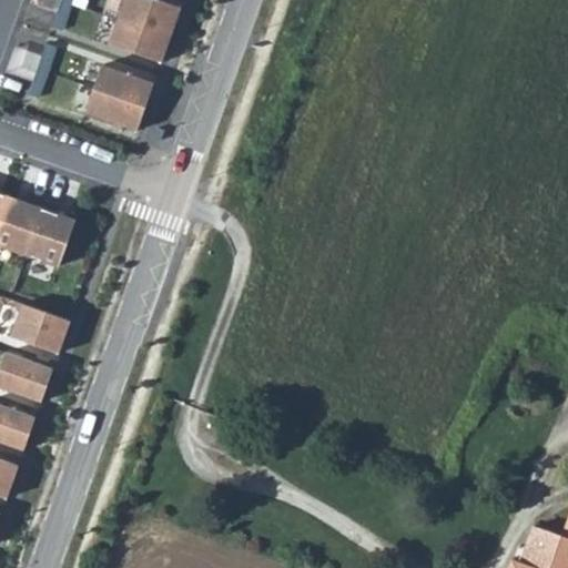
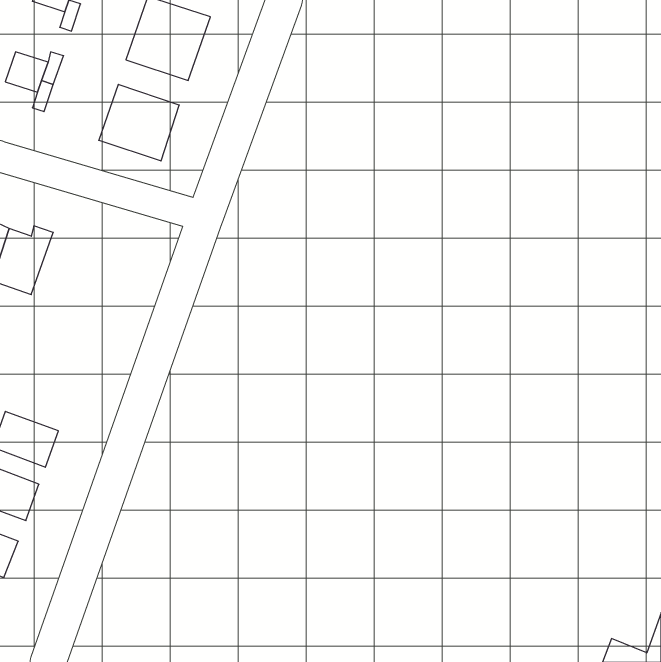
building: [27,199,75,264] -> none
building: [10,304,68,352] -> none

